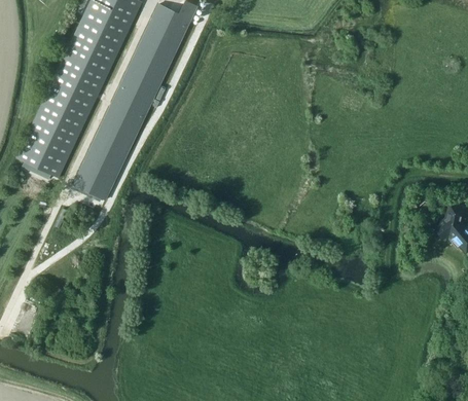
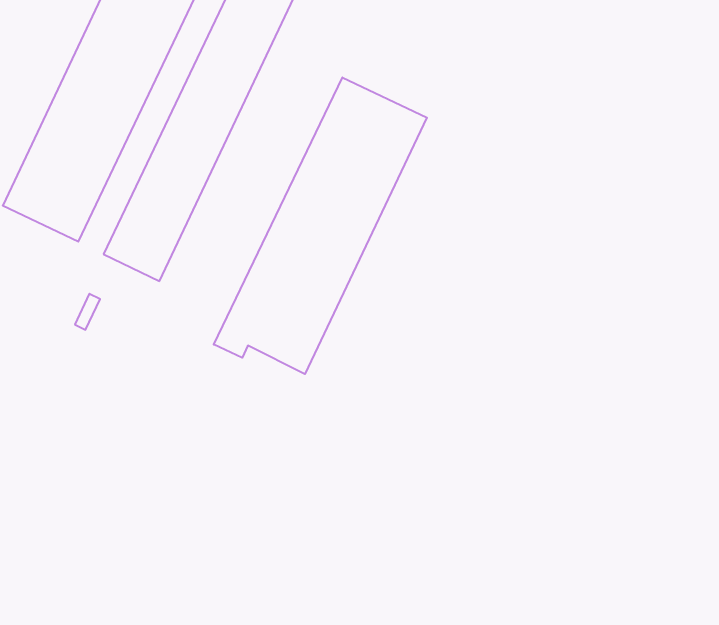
building: none -> [214,77,427,374]

